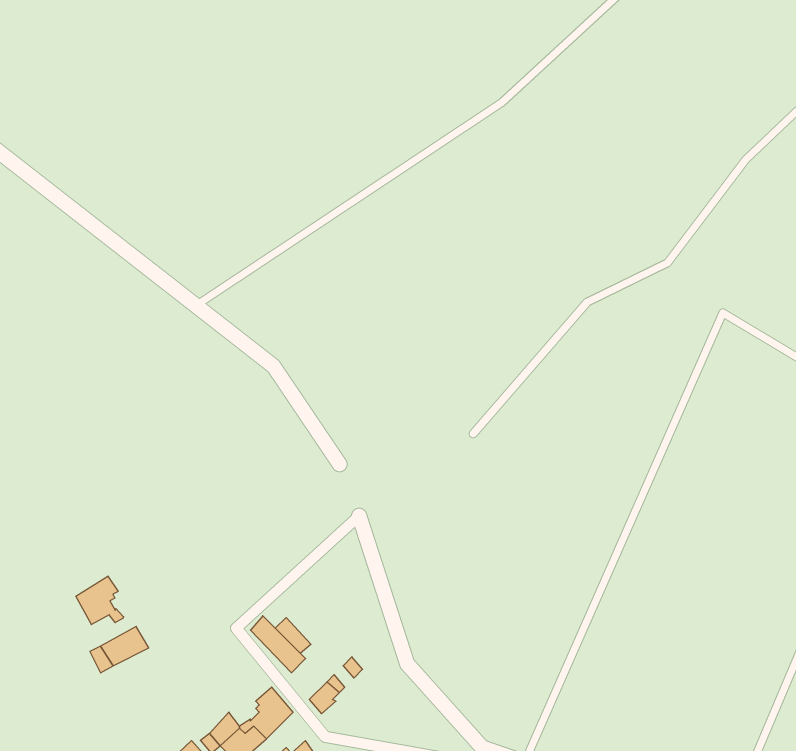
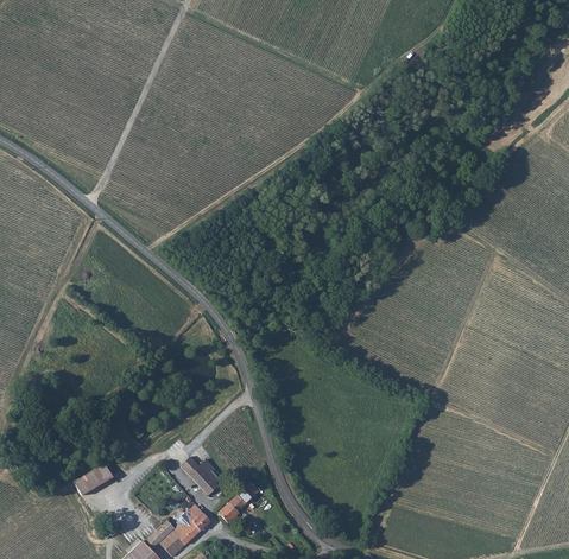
building: [76,576,124,625] -> none

